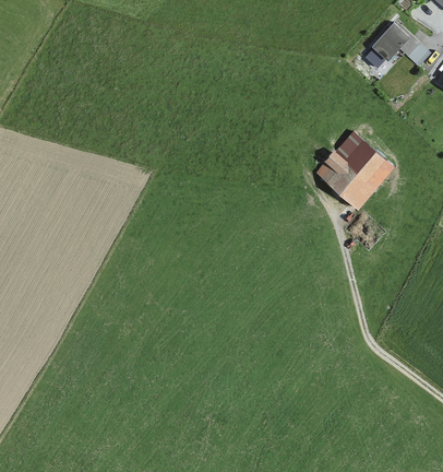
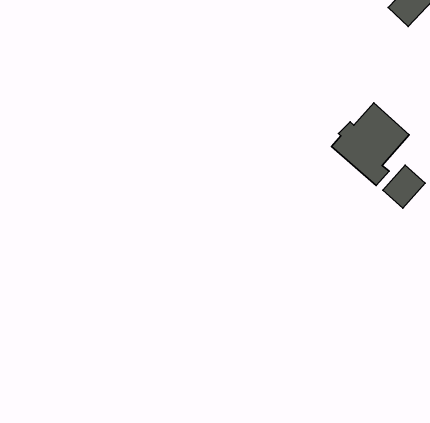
building: none -> [383,165,425,208]

